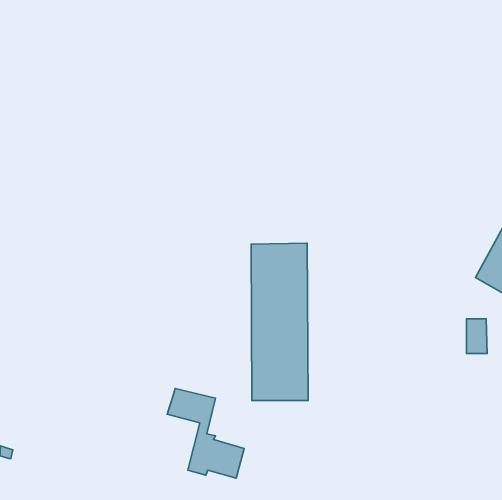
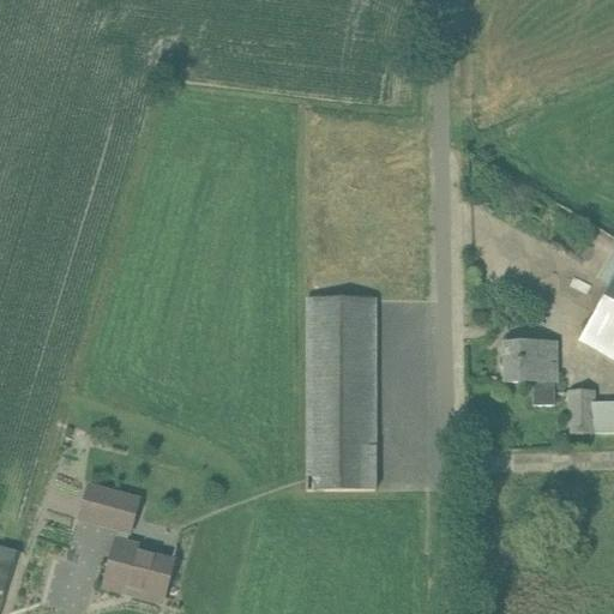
building: none -> [506,341,556,403]
building: [167,388,244,478] -> [80,484,174,594]

